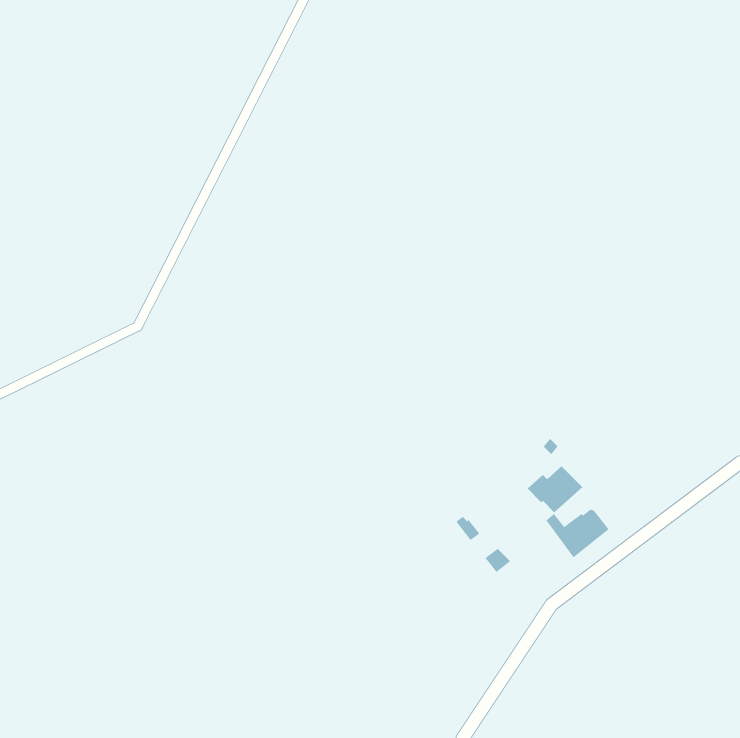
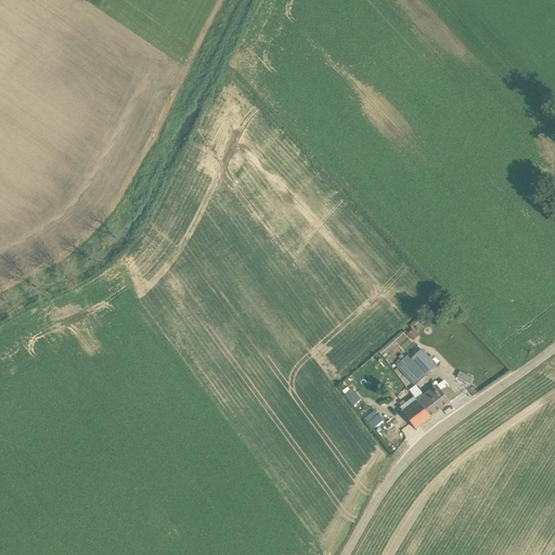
building: none -> [398,396,428,428]

